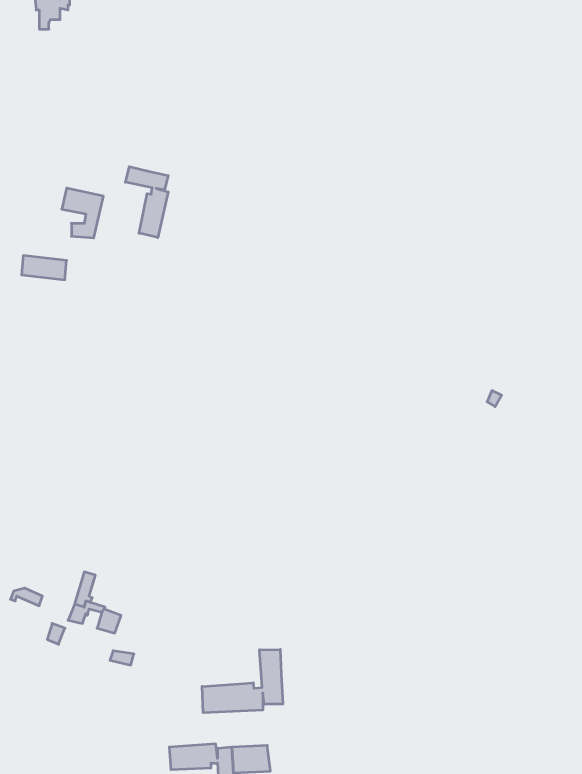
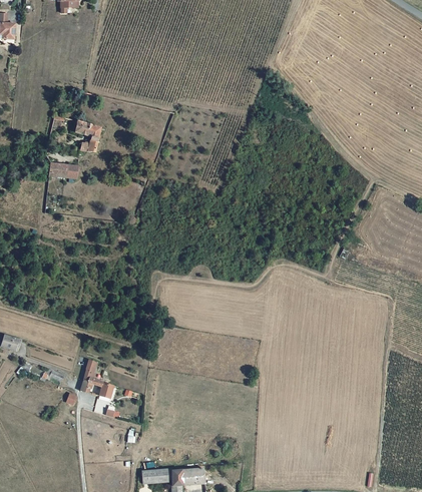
building: [125,167,168,238] -> none
building: [202,649,283,713] -> none

